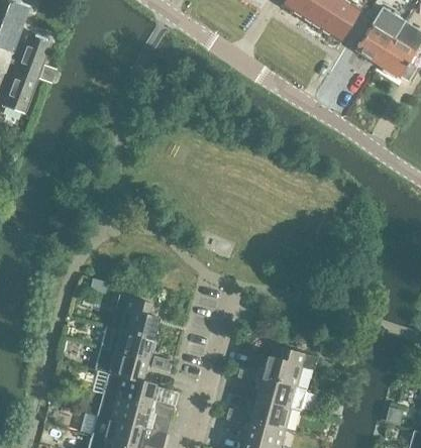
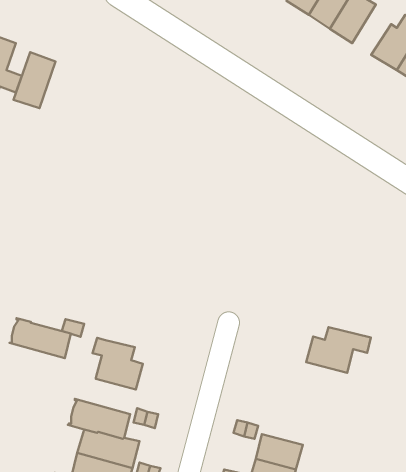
building: none -> [13,52,56,108]
building: [101,326,153,360] -> [10,318,71,358]
building: [261,347,317,386] -> [306,327,371,373]

